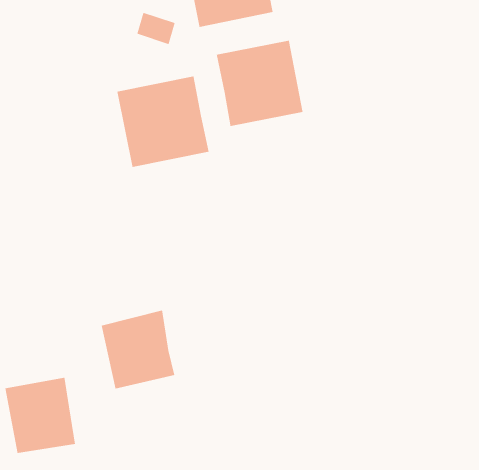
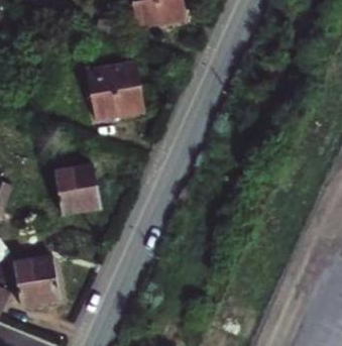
building: [216,40,303,127] -> none
building: [101,310,175,389] -> [51,164,100,216]

